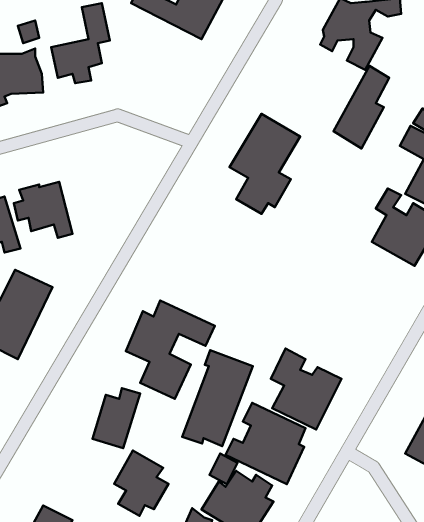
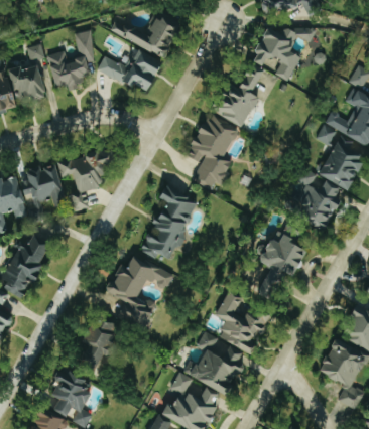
building: none -> [97,48,163,94]
building: [333,66,389,148] -> [221,65,263,128]
building: none -> [57,149,113,211]
building: none -> [257,224,303,302]
building: [182,350,253,446] -> [142,187,196,260]
building: [114,451,169,516] -> [50,368,92,417]

